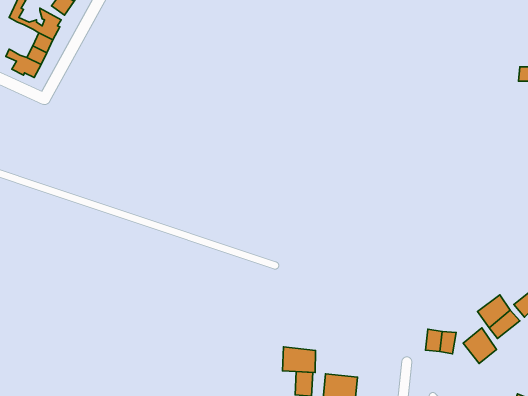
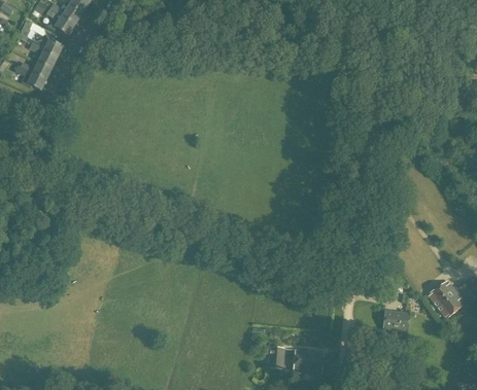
building: [463,328,496,364] -> none
building: [283,347,315,372] -> none

